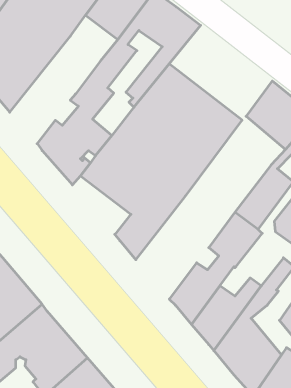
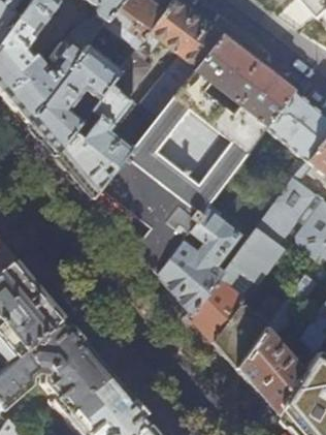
building: none -> [191,35,296,132]
building: none -> [28,46,121,156]
building: none -> [157,210,238,315]

